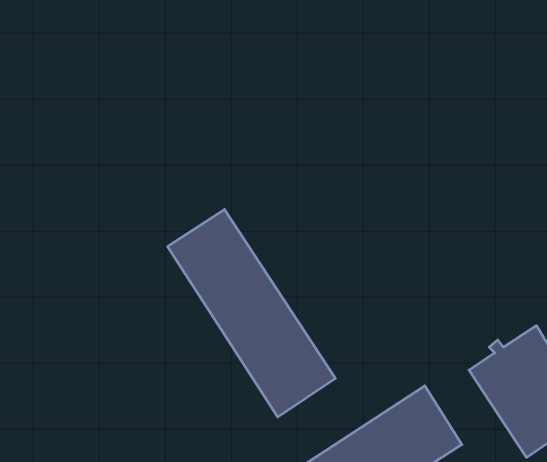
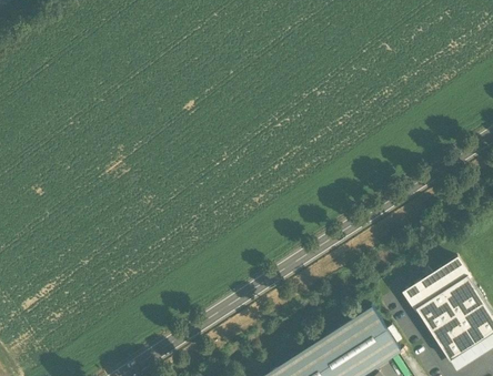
building: [168,209,335,417] -> none

